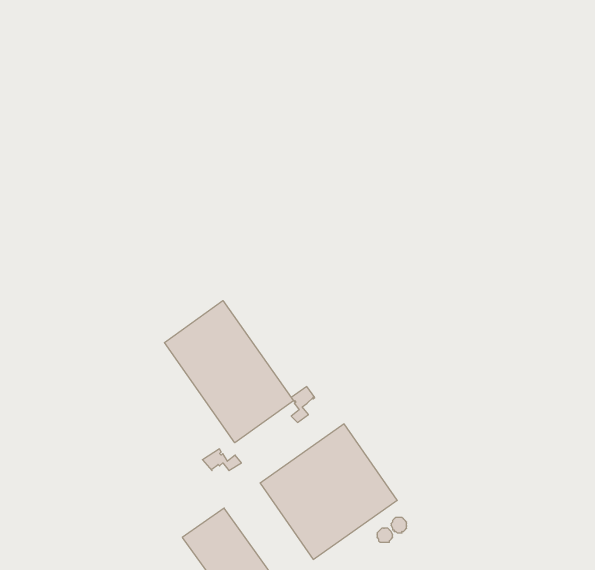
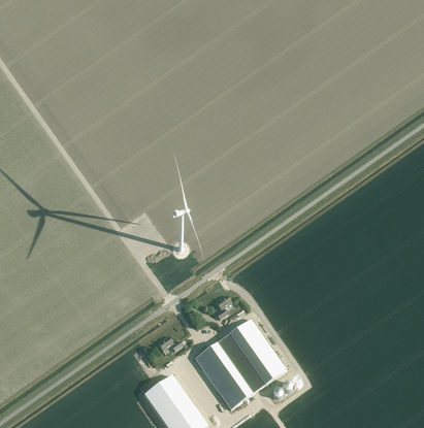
building: [164,301,293,443] -> none

